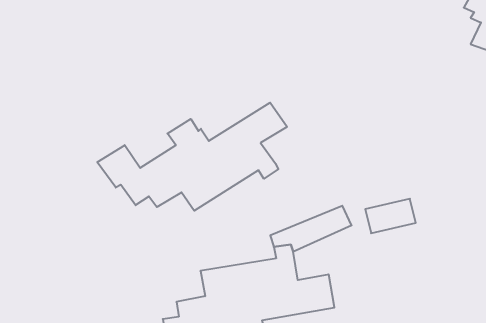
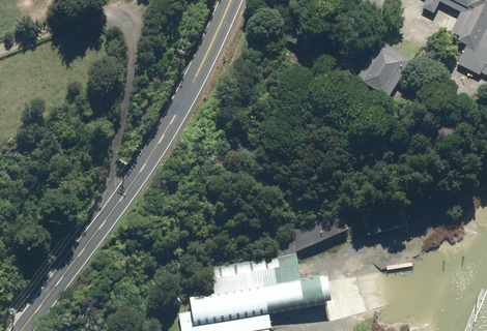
building: none -> [356,39,411,95]
building: [97,103,287,211] -> none

